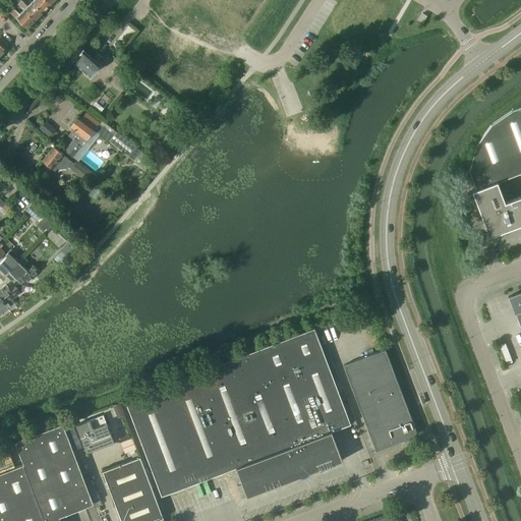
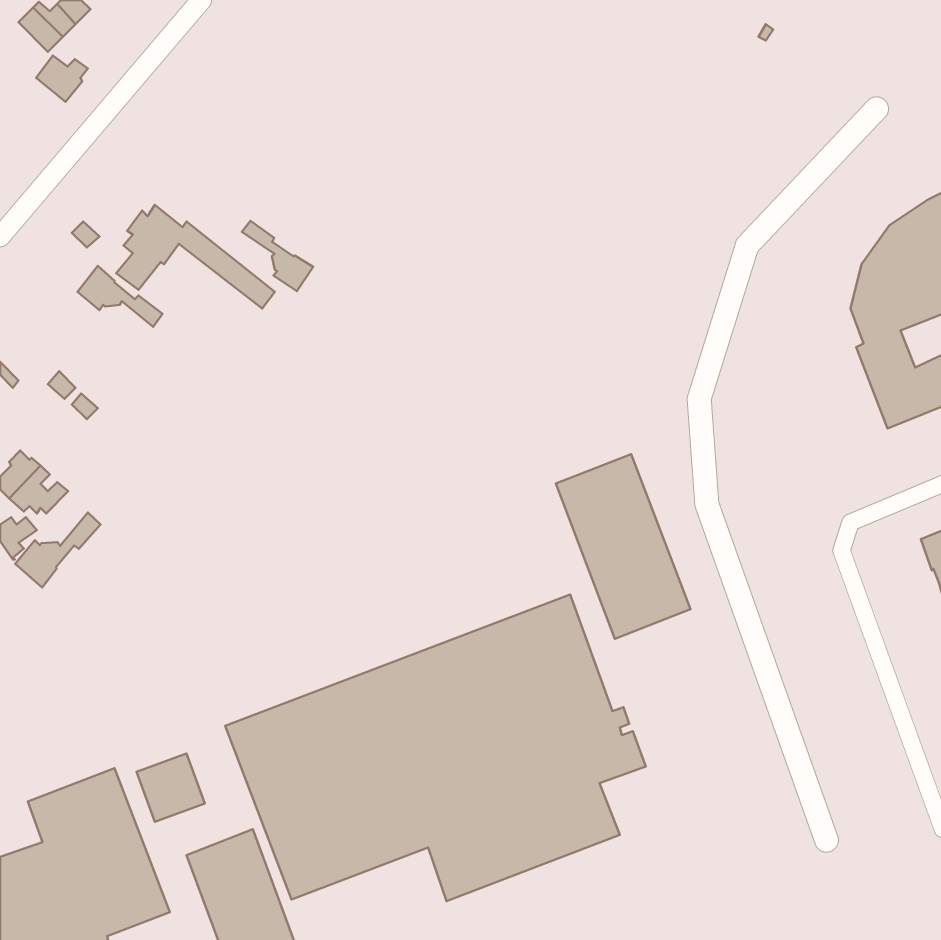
building: [74,52,103,77] -> [36,56,88,102]
building: none -> [242,221,313,291]
building: none -> [15,513,100,588]
building: [344,351,418,453] -> [556,454,690,639]

